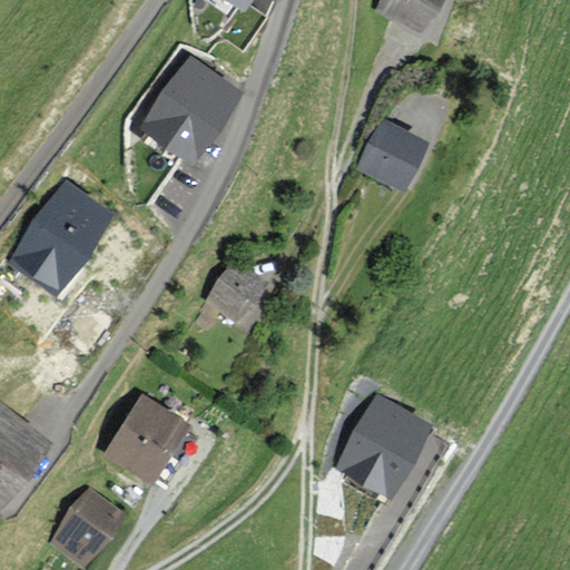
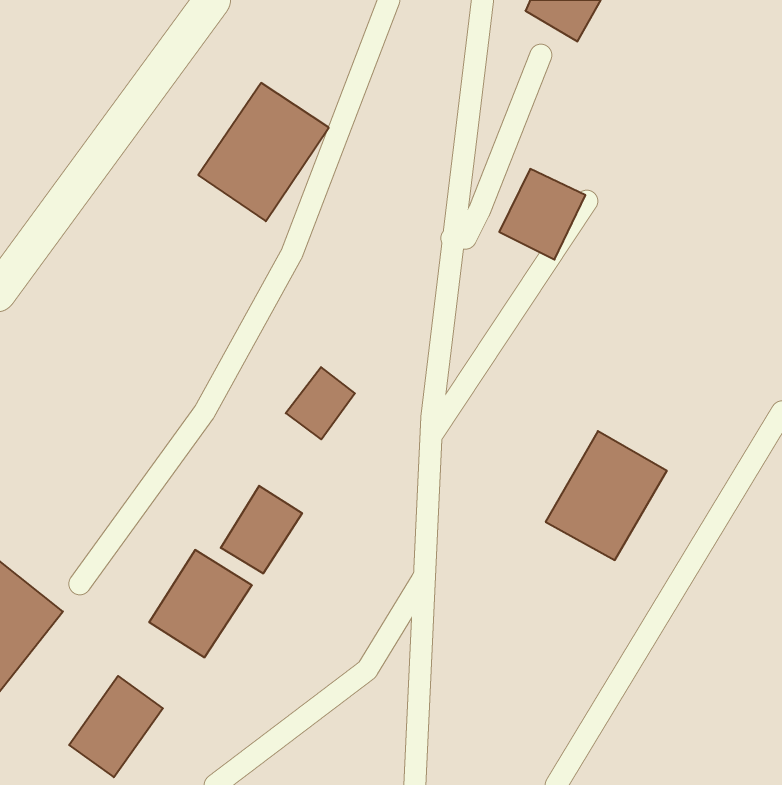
building: [10,184,109,292] -> none
building: none -> [221,486,302,574]
building: [338,399,426,492] -> [546,431,667,560]

